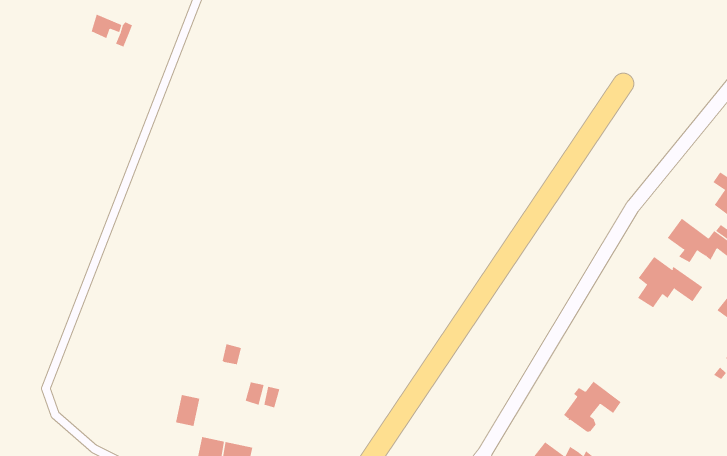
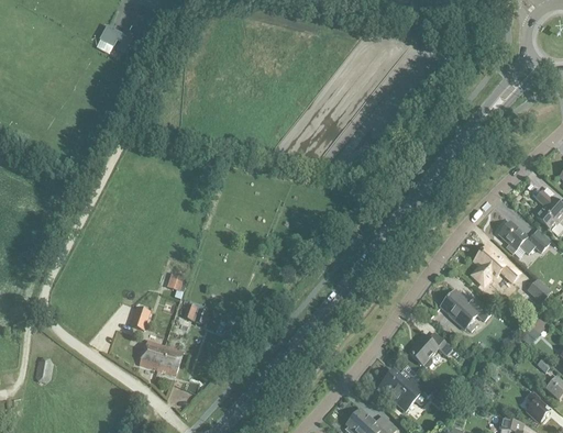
building: none -> [440,289,489,330]

